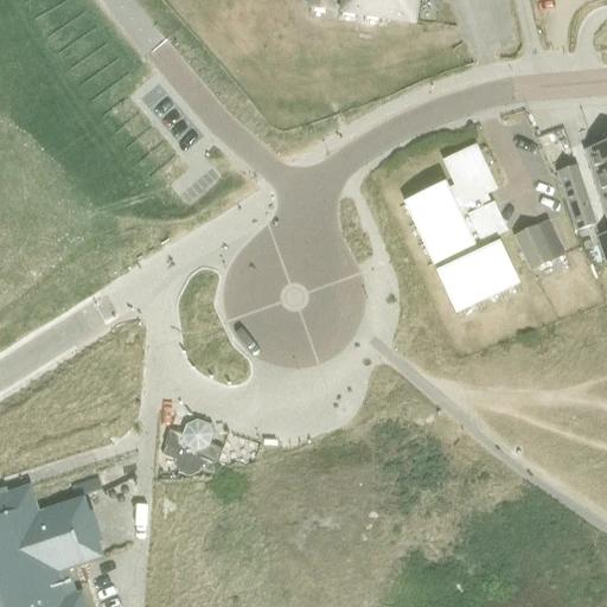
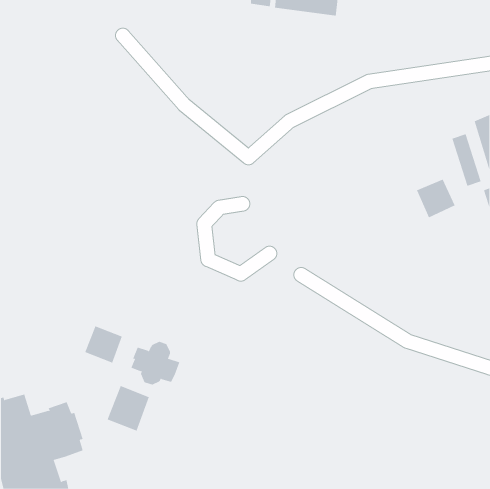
building: [410,146,513,306] -> none
building: none -> [84,325,123,364]
building: none -> [107,385,150,431]

